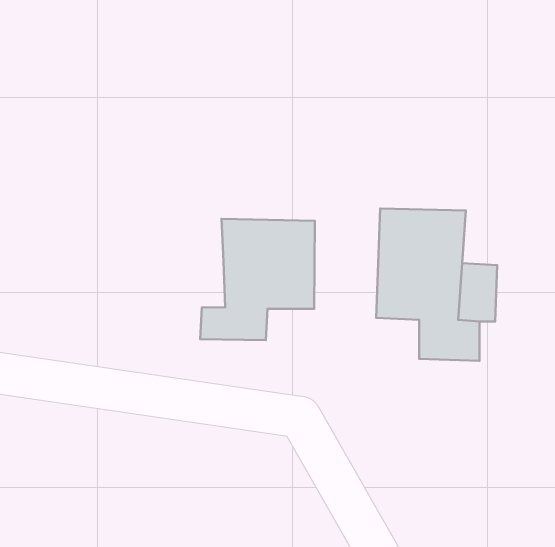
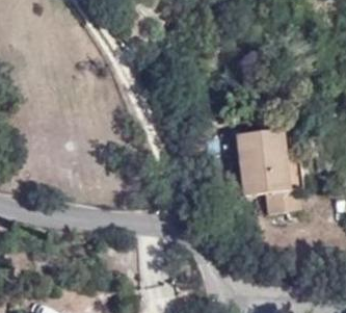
building: [200,219,315,340] -> none

